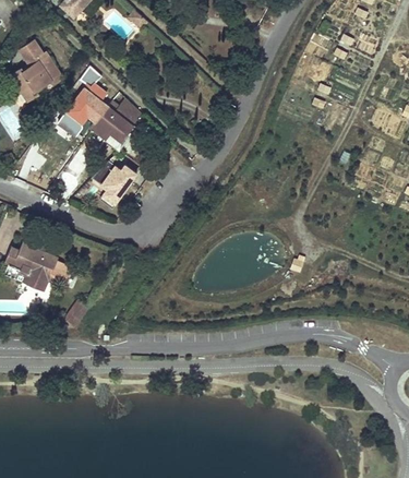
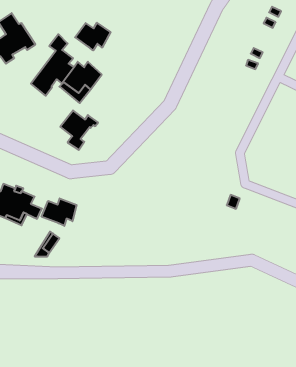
building: none -> [75,23,111,50]
building: none -> [42,198,77,226]

